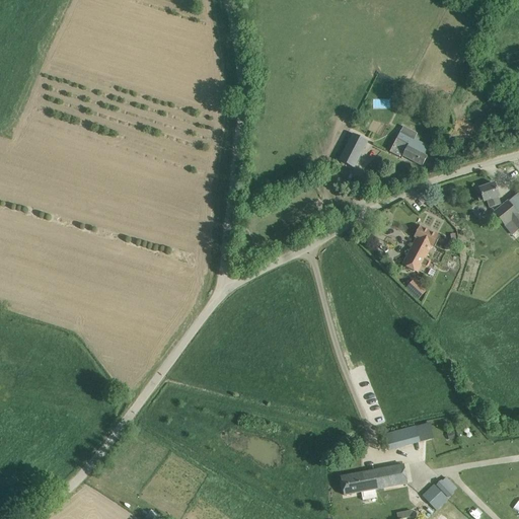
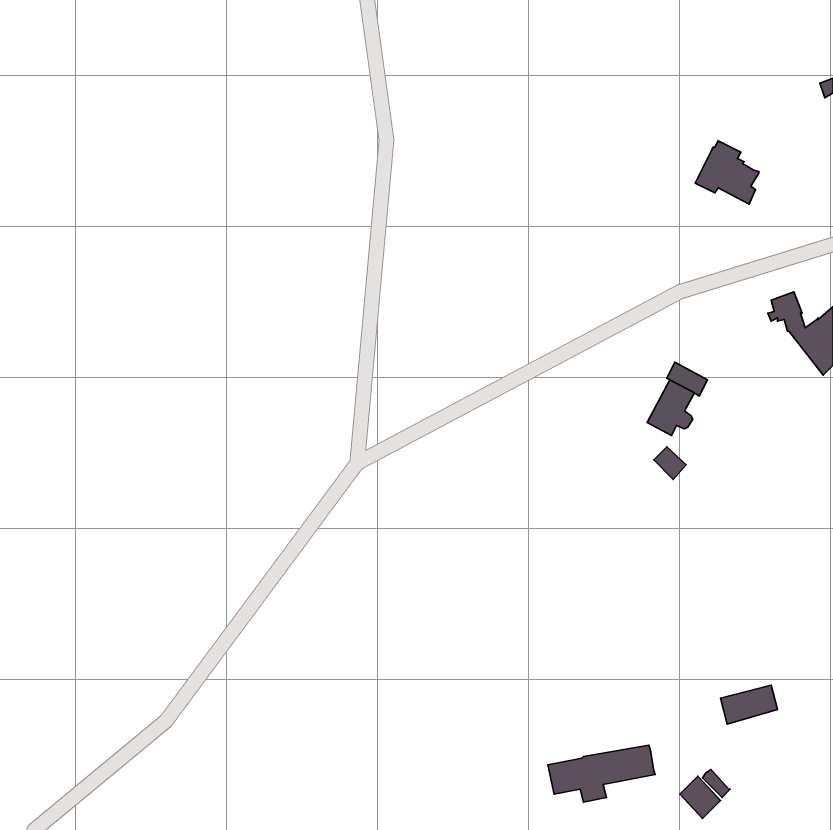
building: [389,125,429,164] -> [695,141,759,204]
building: [340,132,368,166] -> none
building: [384,425,420,449] -> [721,685,778,724]

